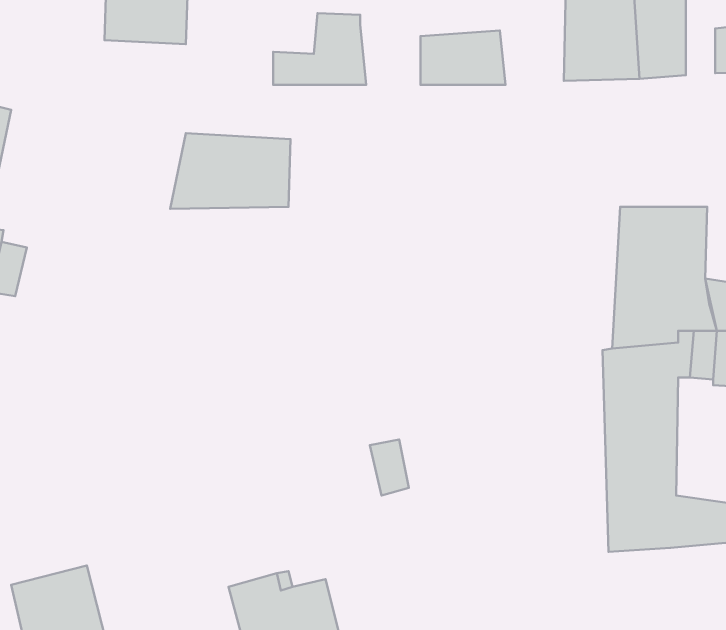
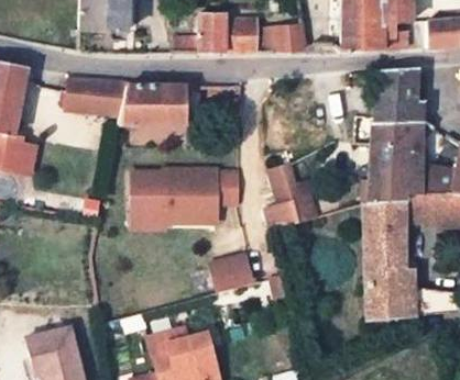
building: none -> [224,20,259,54]
building: none -> [372,68,423,123]
building: none -> [65,77,125,113]
building: none -> [134,168,242,237]
building: none -> [266,180,317,230]

